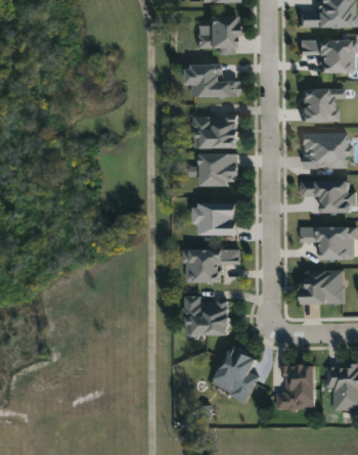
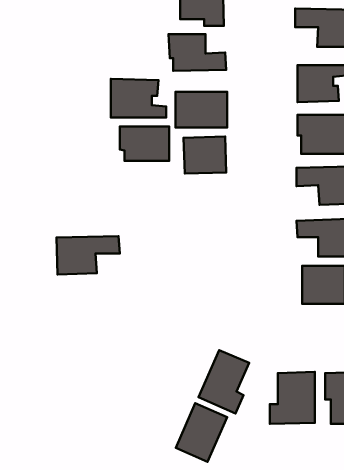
building: none -> [111,79,166,117]
building: [195,201,239,232] -> [120,126,169,161]
building: [184,249,240,283] -> [56,236,120,274]
building: [184,293,229,333] -> none
building: none -> [176,403,227,462]

